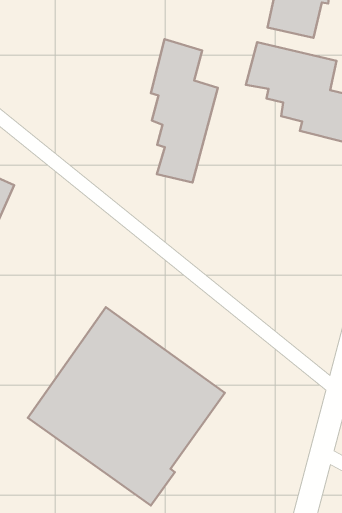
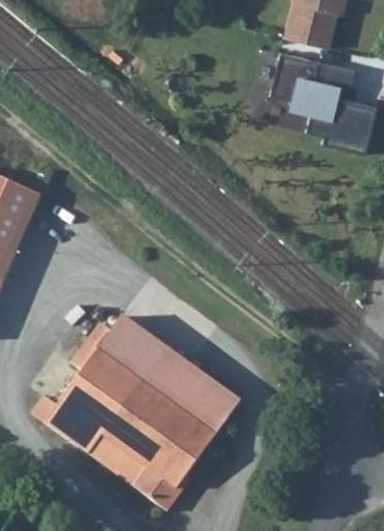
building: [151,39,218,183] -> none

